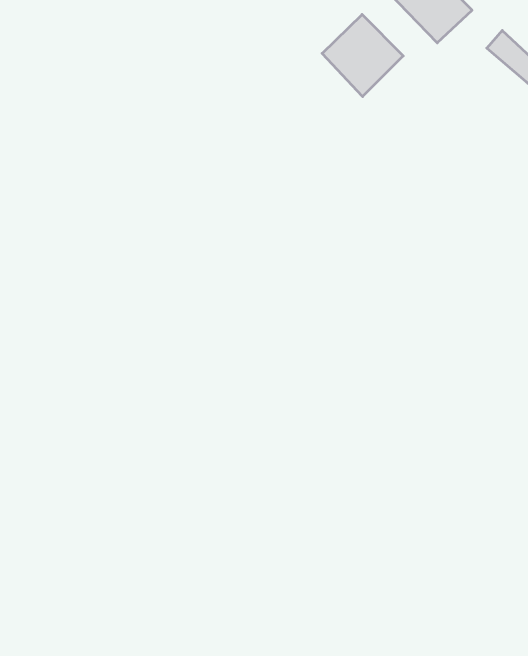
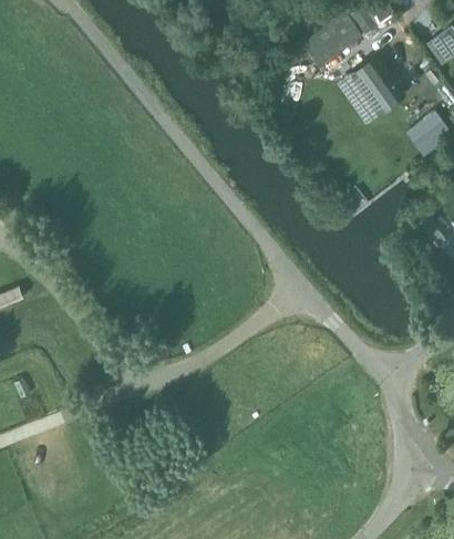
building: [322,14,403,97] -> none

